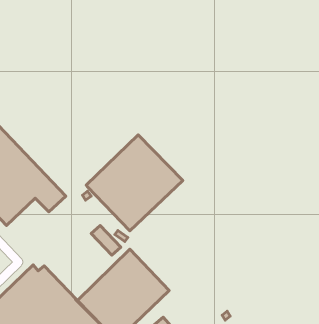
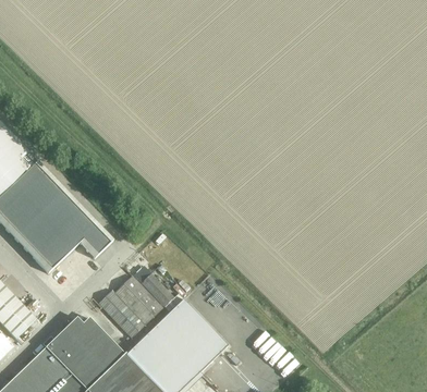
building: [86,135,183,231] -> none
building: none -> [97,275,162,336]

